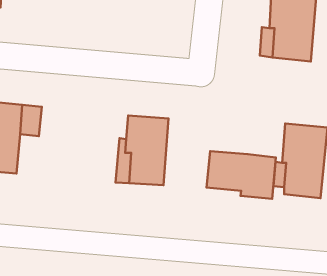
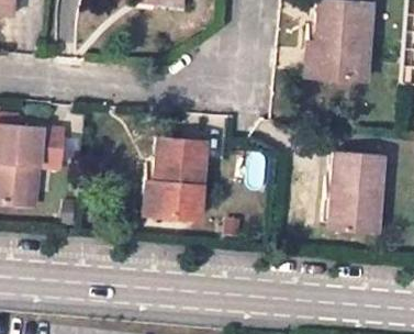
building: [207,151,276,199] -> none

